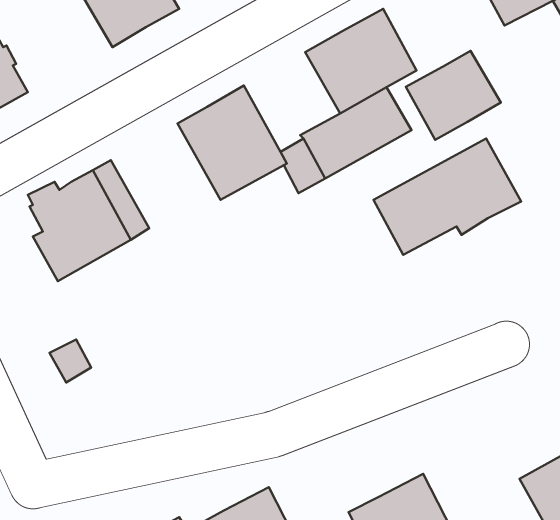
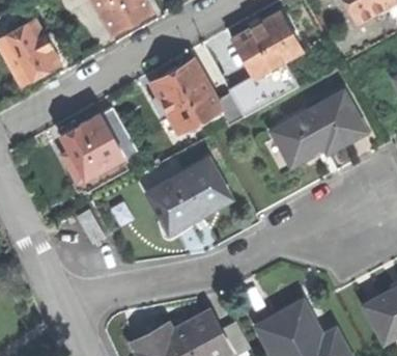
building: [406,51,501,140] -> none
building: none -> [147,161,229,232]

